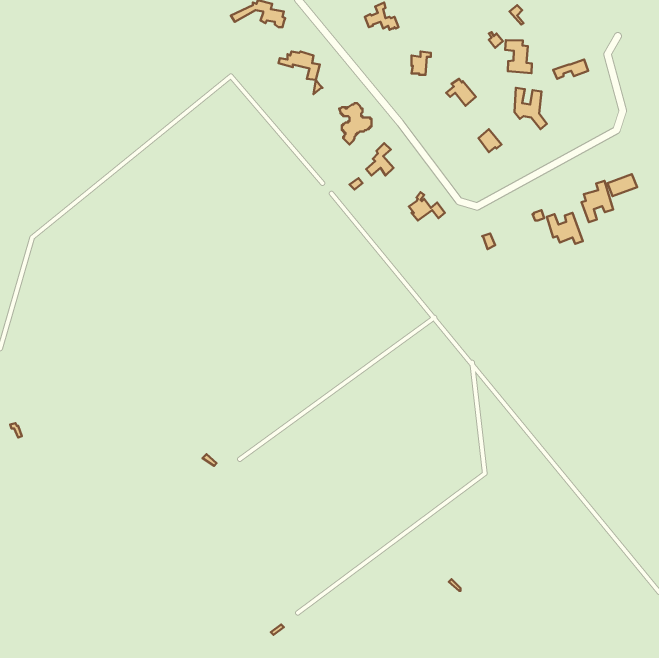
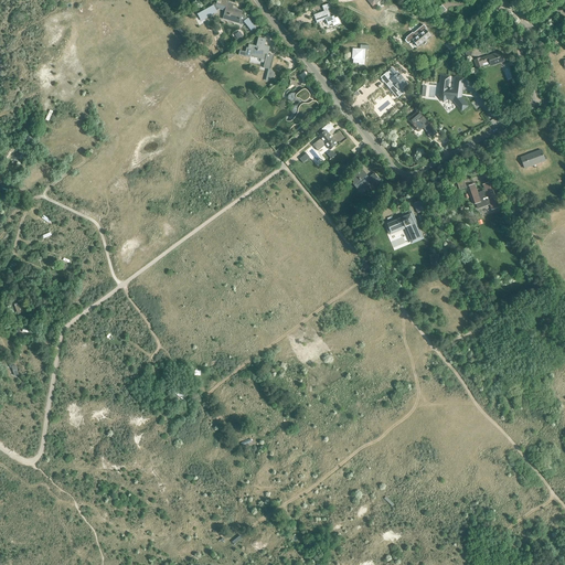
building: [505,40,532,73] -> none
building: [582,181,613,222] -> none
building: none -> [385,212,423,242]

